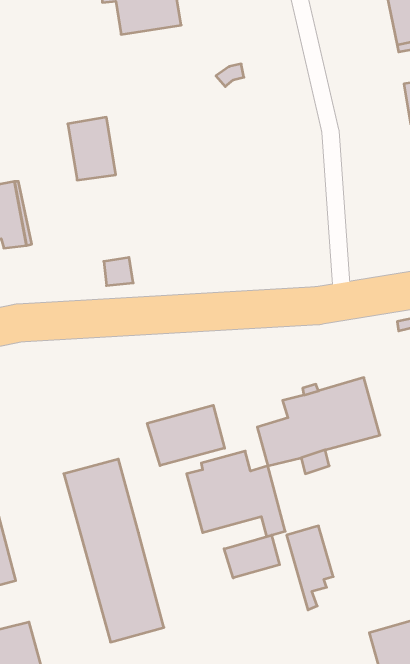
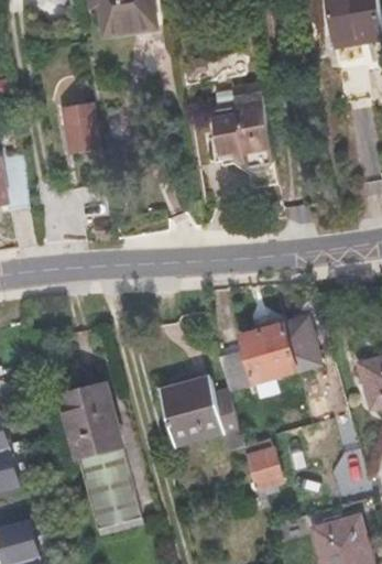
building: none -> [212,83,279,188]
building: [147,405,225,466] -> none
building: [224,535,280,578] -> none

